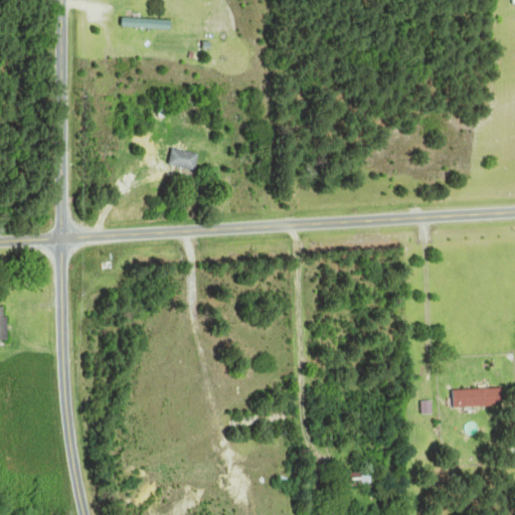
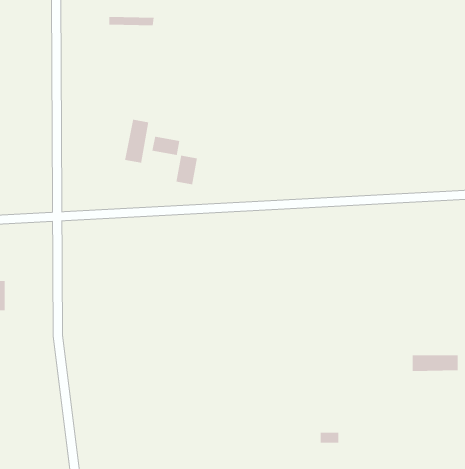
building: none -> [125,119,149,163]
building: none -> [176,155,197,185]

